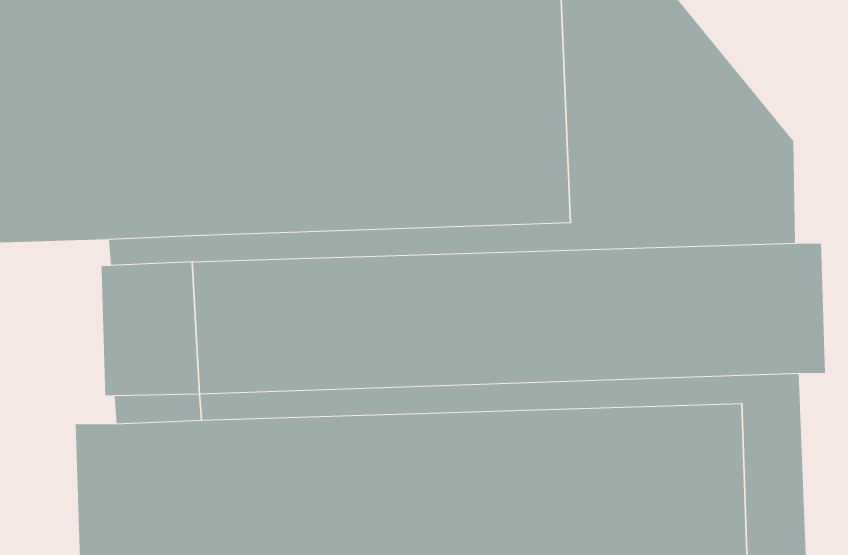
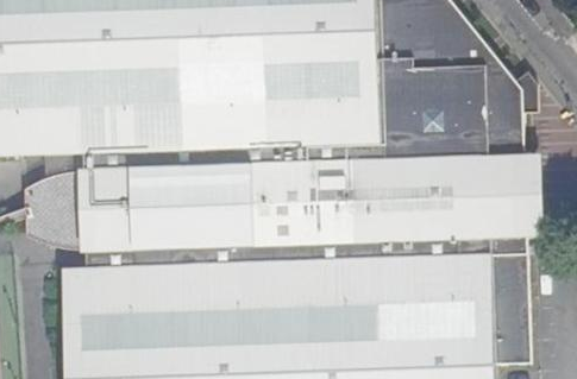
building: none -> [24,173,81,253]

